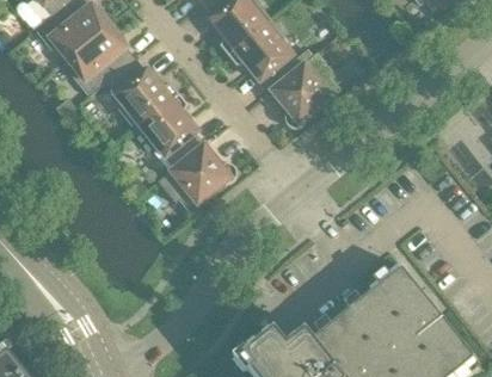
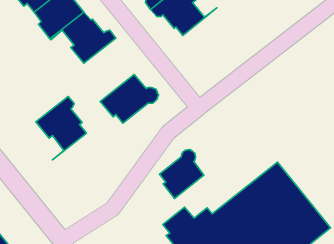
building: [269,50,338,126] -> none
building: [133,92,202,179] -> [36,97,86,160]
building: none -> [160,150,204,199]

